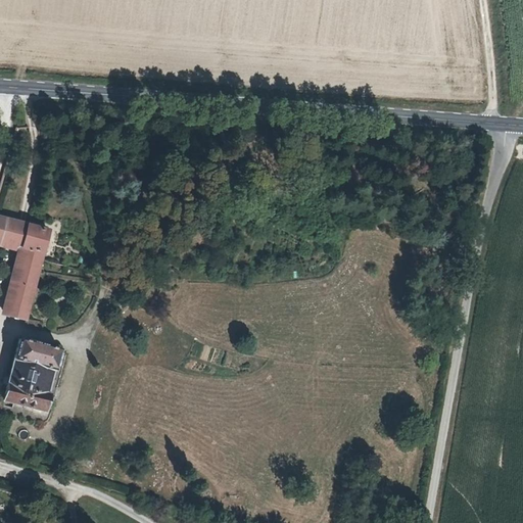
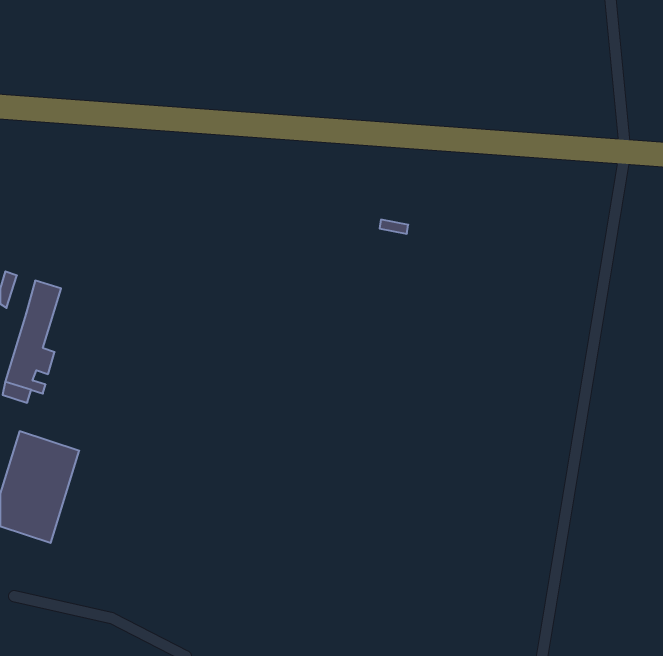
building: [6,217,29,246] -> none

